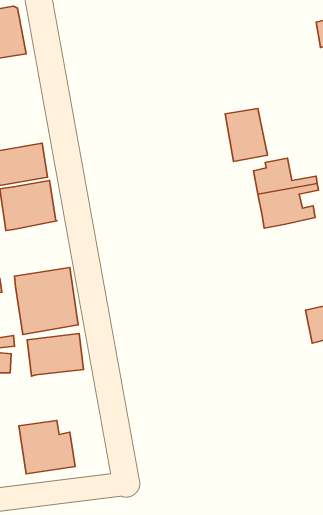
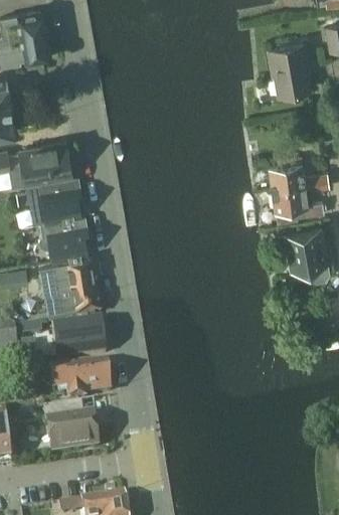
building: [225,108,268,162] -> [270,42,310,93]
building: none -> [38,213,87,260]
building: none -> [277,225,328,279]
building: none -> [50,362,111,401]

